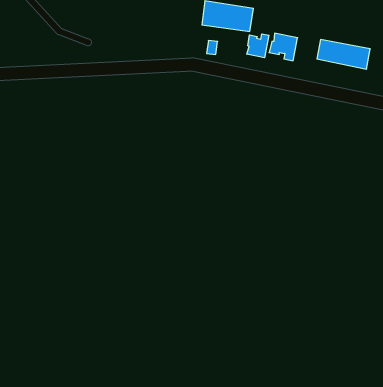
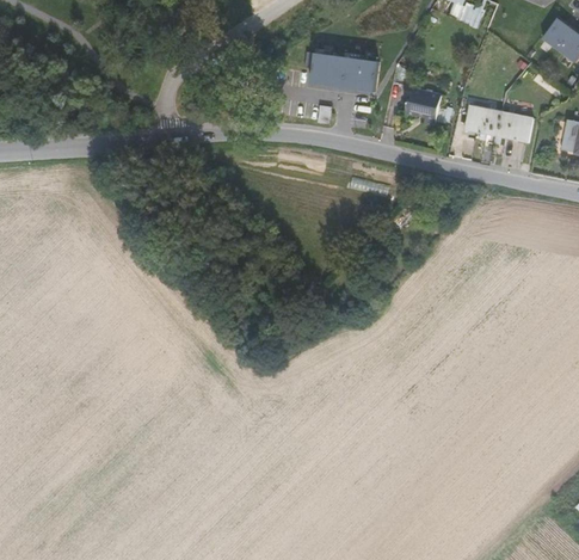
building: [247,34,269,58] -> none

